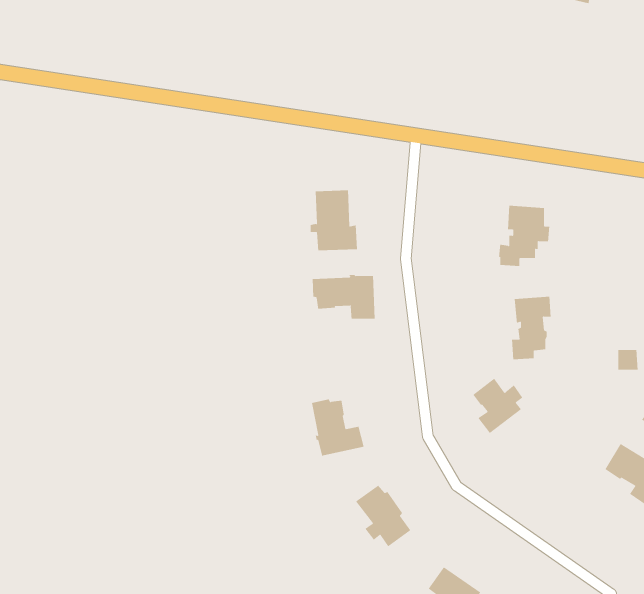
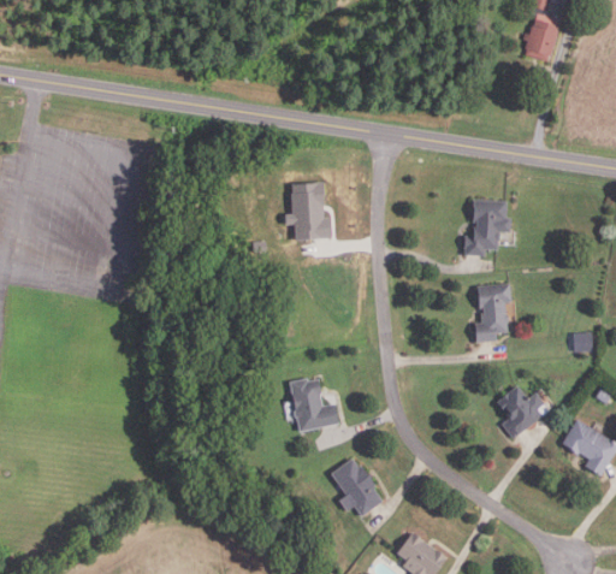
building: none -> [521,14,558,63]
building: [312,274,375,319] -> none
building: [472,378,523,434] -> [496,386,543,438]

